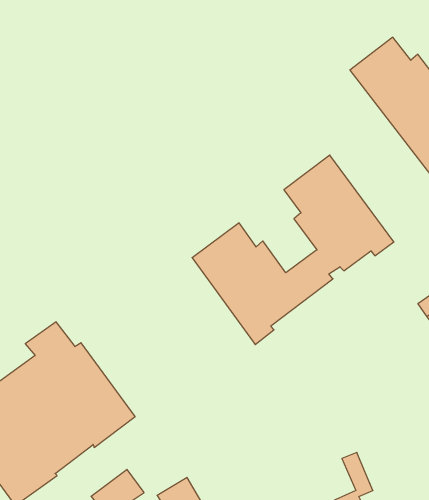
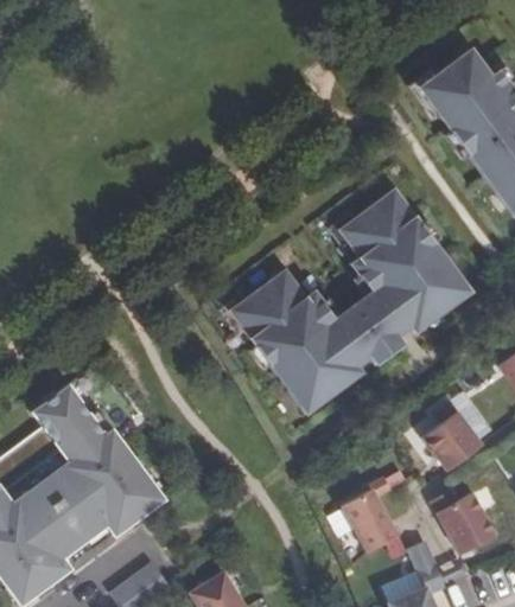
building: none -> [422,402,482,472]
building: none -> [343,478,398,552]
building: none -> [432,490,497,555]

